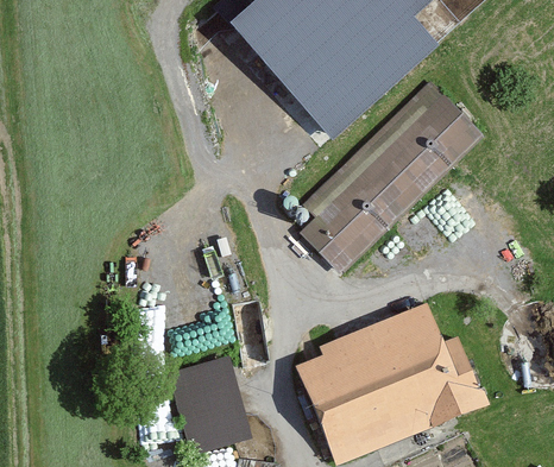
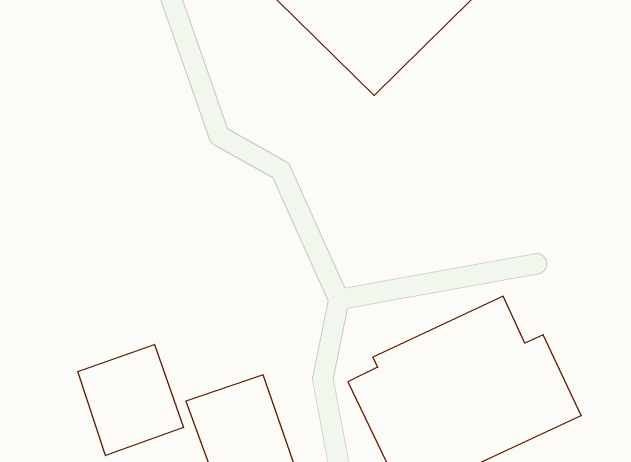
building: [301,84,483,277] -> none
building: none -> [78,344,184,456]

